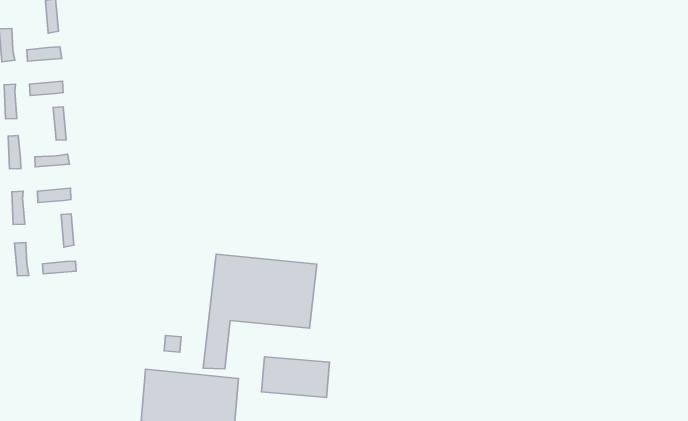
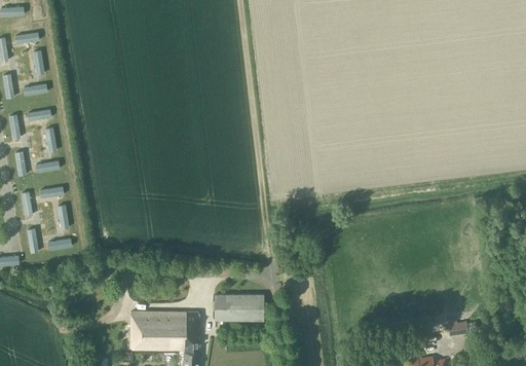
building: [203,254,317,369] -> none

